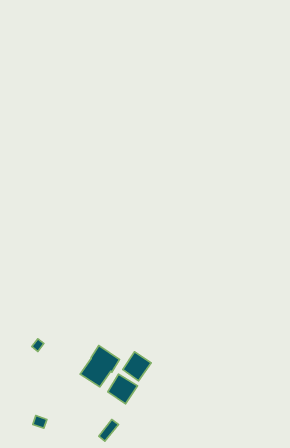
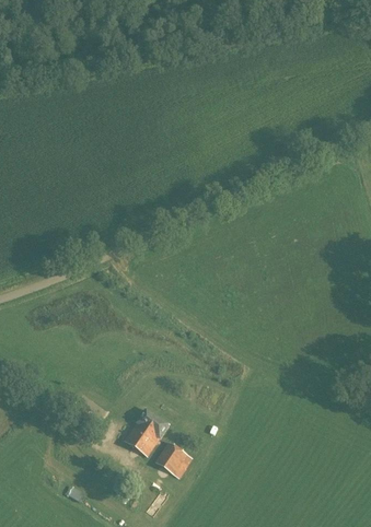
building: [123,352,151,381] -> none

